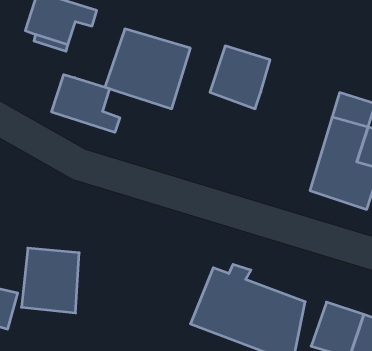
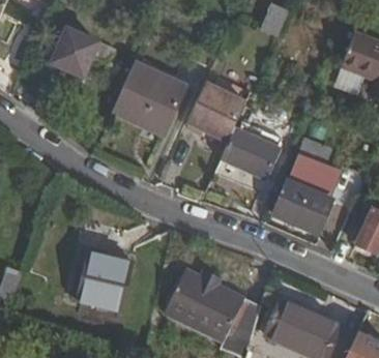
building: [52,75,120,132] -> none
building: none -> [228,128,285,175]
building: [21,248,79,313] -> [79,252,132,310]

